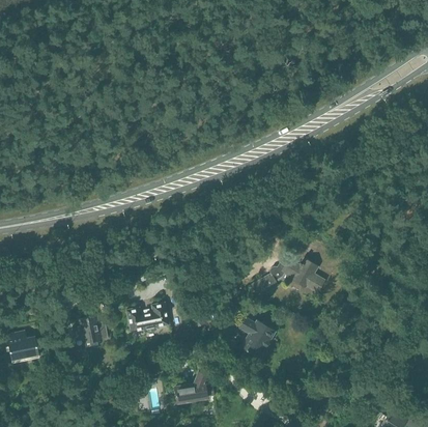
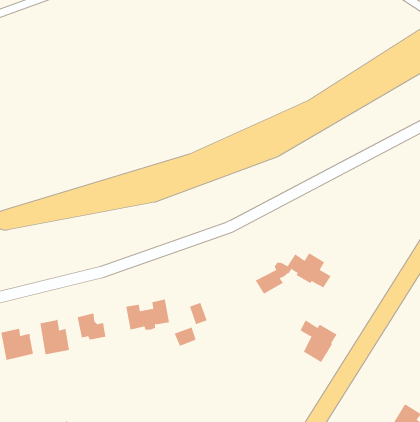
building: [238,317,275,359] -> [300,320,338,363]
building: none -> [40,319,70,355]
building: [173,372,213,404] -> none

